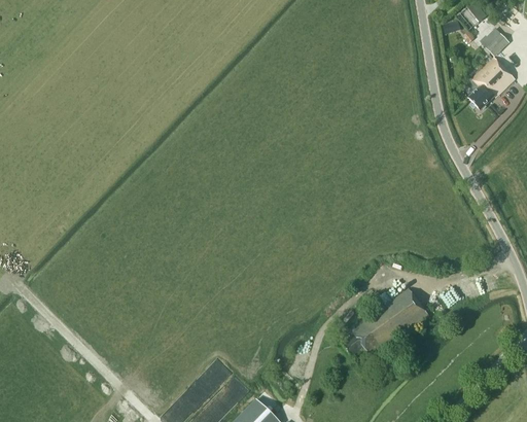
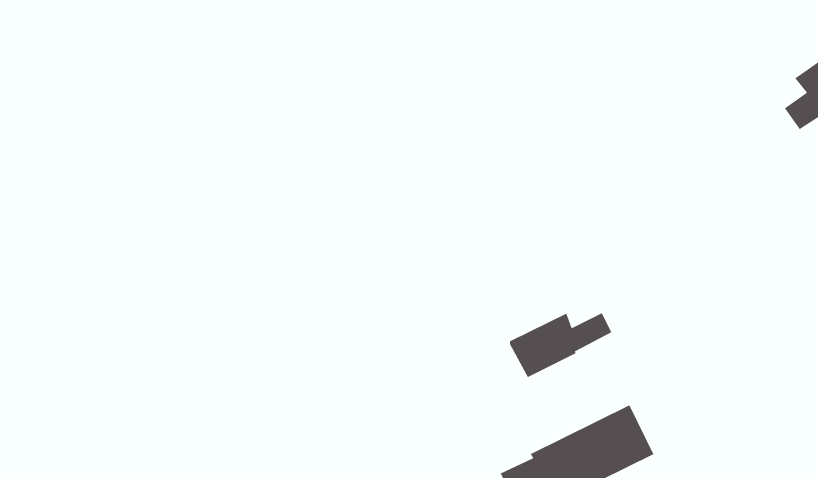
building: none -> [509,312,612,378]

